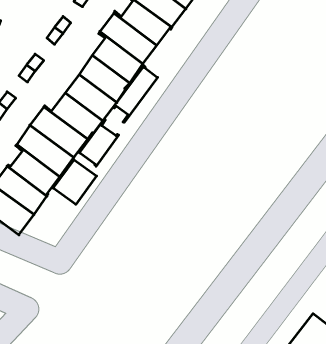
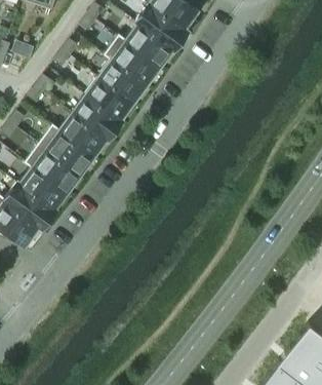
building: [113,66,158,122] -> none
building: [80,119,119,166] -> none
building: [53,160,97,204] -> none

